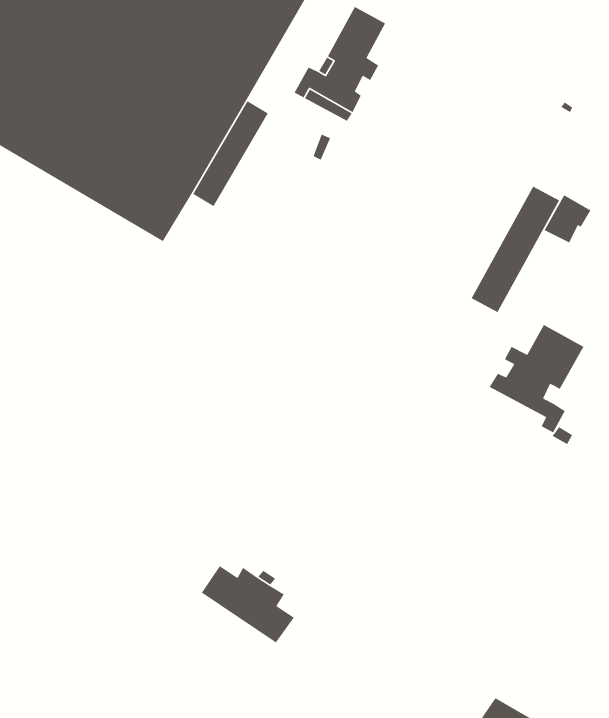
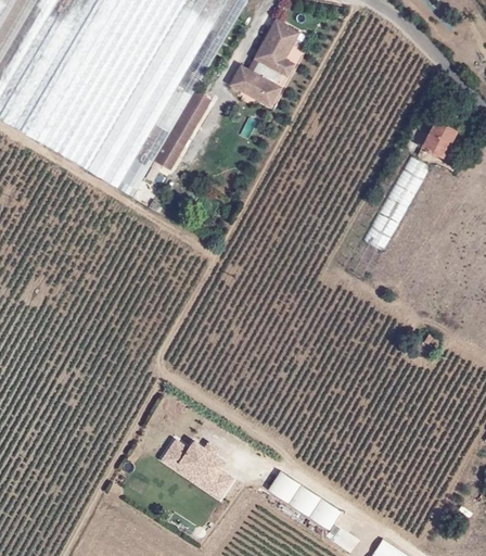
building: [544,194,591,243] -> [420,118,456,155]
building: [489,324,584,433] -> none
building: none -> [266,469,341,529]

